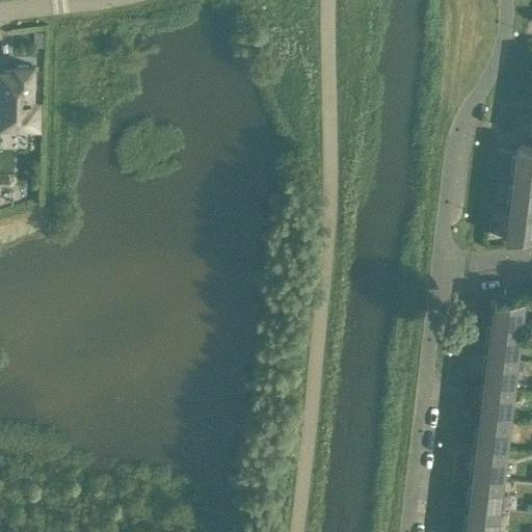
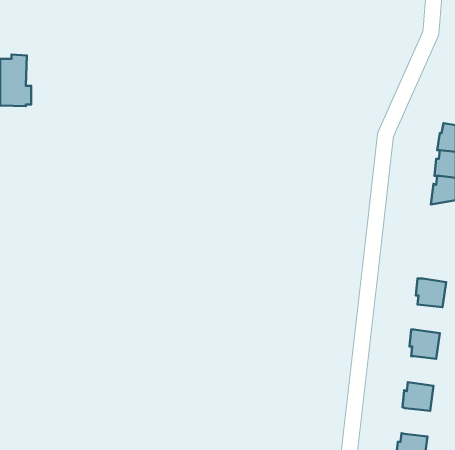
building: [488,302,524,336] -> none
building: [482,361,516,395] -> none
building: [473,422,509,456] -> none
building: [467,482,502,515] -> none

